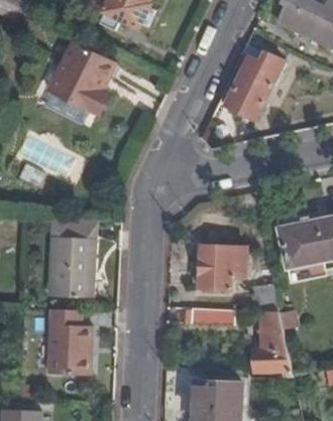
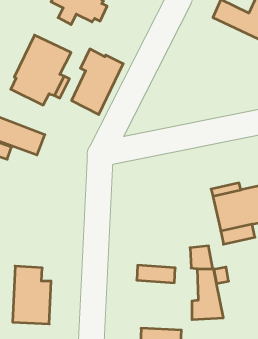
building: [224,45,284,121] -> [72,49,123,115]
building: [47,219,95,299] -> none
building: [198,245,246,290] -> none

